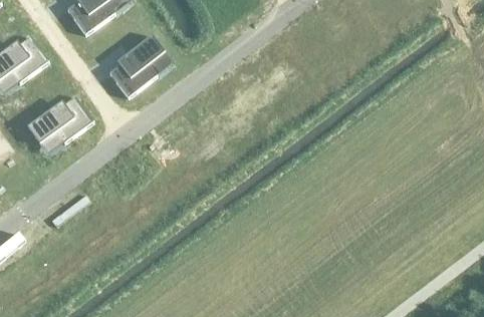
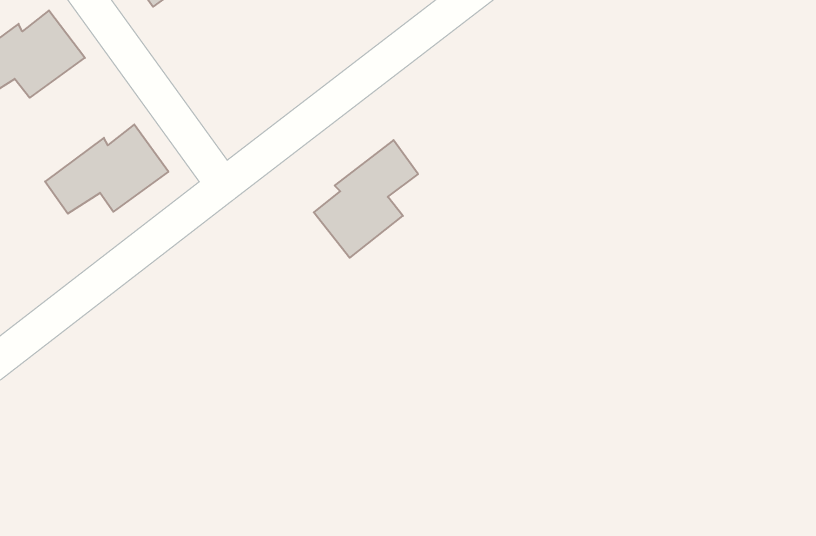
building: [108,35,164,97] -> [314,140,418,258]

